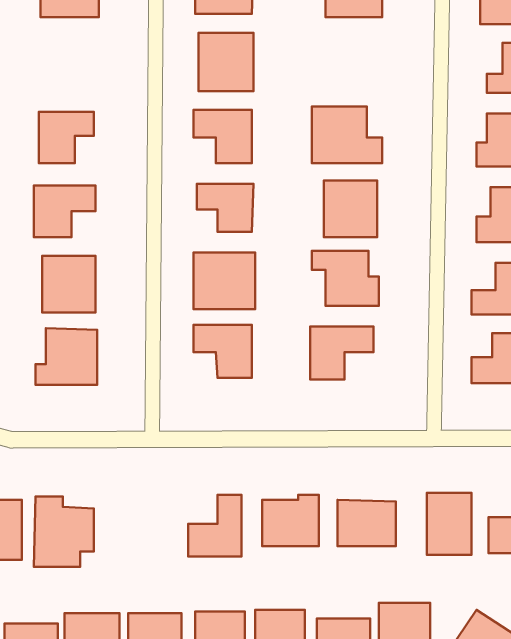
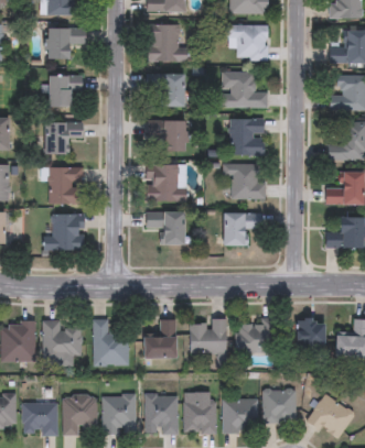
building: none -> [227,24,268,59]
building: none -> [46,28,83,57]
building: none -> [94,318,129,365]

